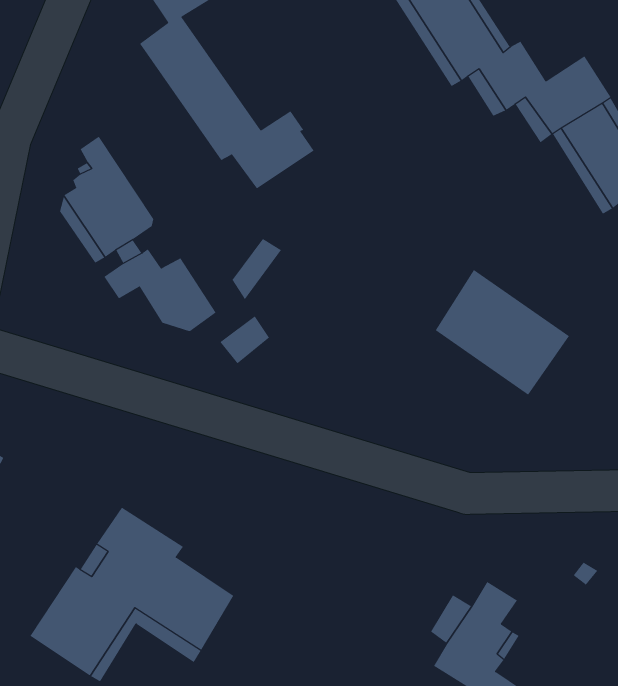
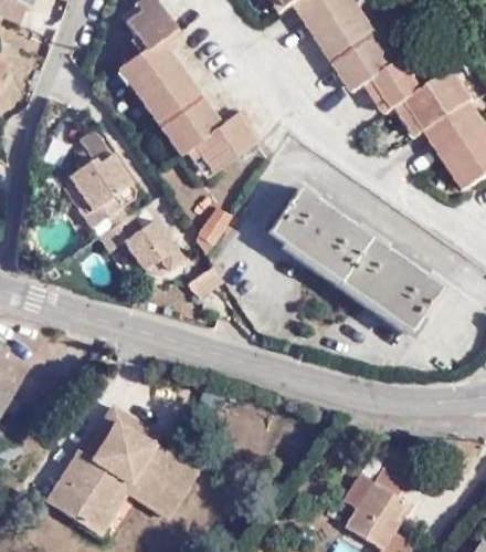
building: none -> [273,185,372,278]

